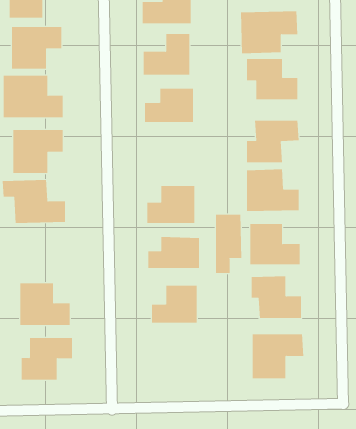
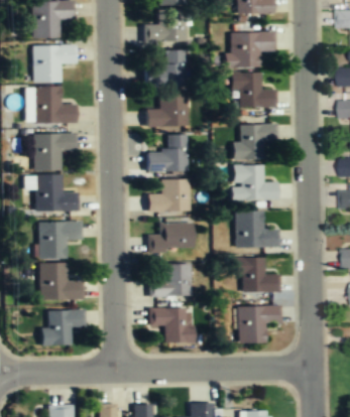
building: none -> [146,135,188,172]
building: [215,214,242,274] -> none
building: none -> [37,223,81,259]
building: none -> [148,309,190,343]

